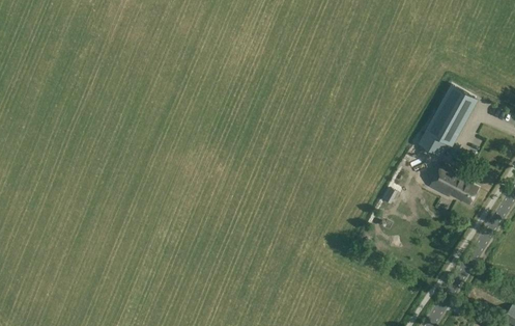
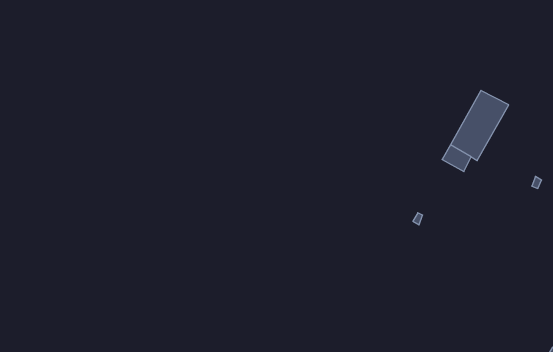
building: [429,165,478,205] -> none

